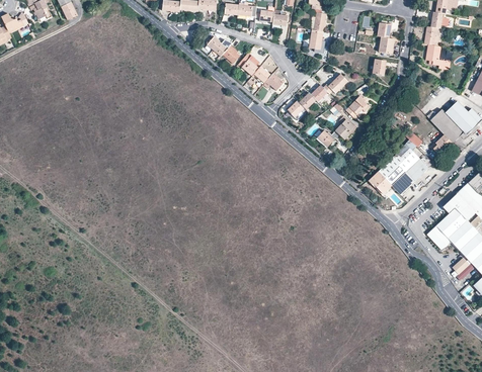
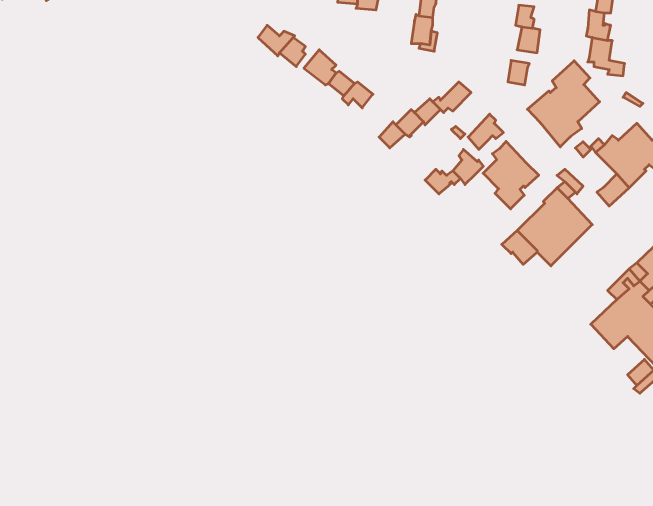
building: none -> [527,61,600,147]
building: none -> [483,141,539,209]

